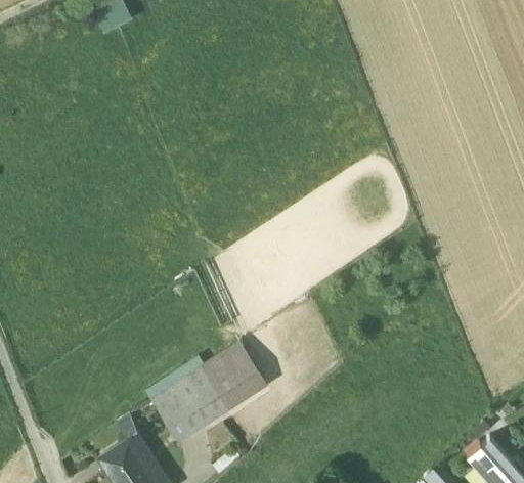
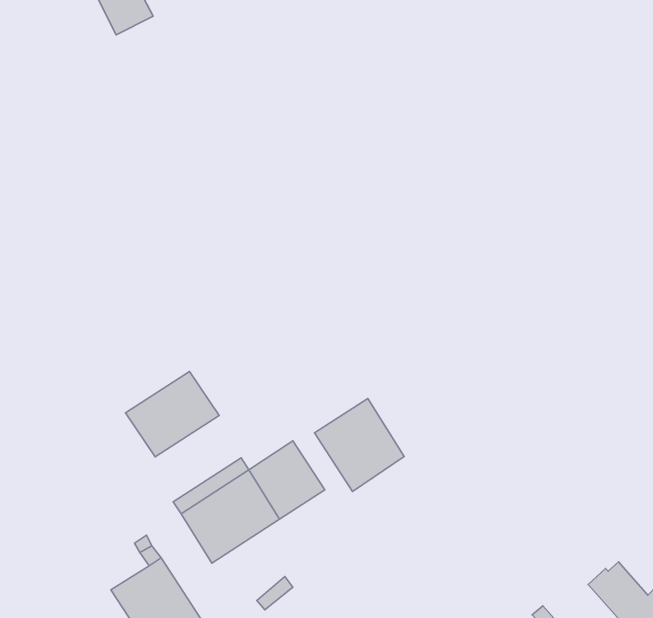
building: none -> [126,371,219,457]
building: none -> [315,398,404,491]

